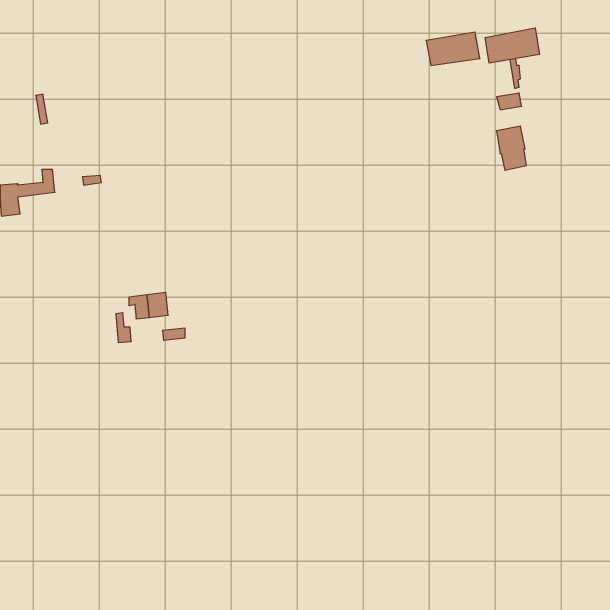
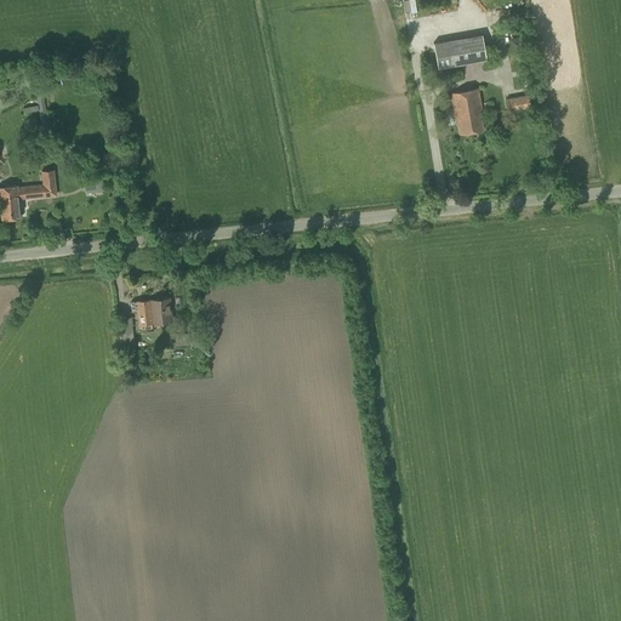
building: [485,28,539,63] -> none
building: [496,126,526,170] -> [452,90,483,135]

